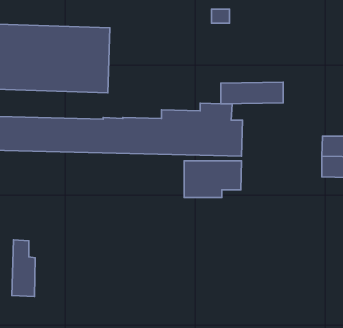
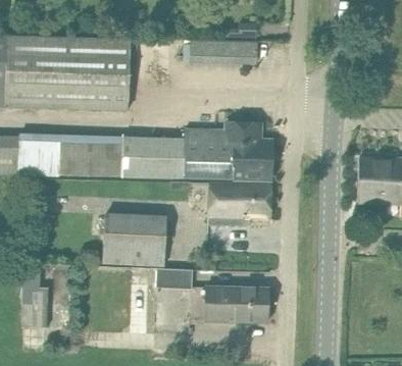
building: [221,82,283,104] -> [193,40,260,63]
building: none -> [103,213,166,265]
building: none -> [155,274,191,298]
building: none -> [204,285,269,320]

